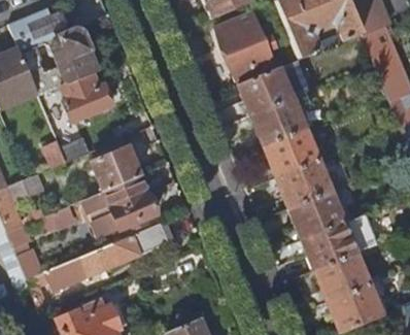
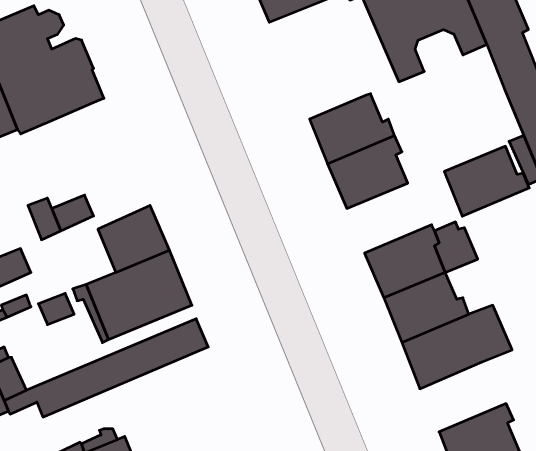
building: [215,12,278,85] -> none
building: [61,72,112,122] -> none
building: [265,129,323,177] -> [444,146,529,216]
building: [315,253,375,301] -> none

